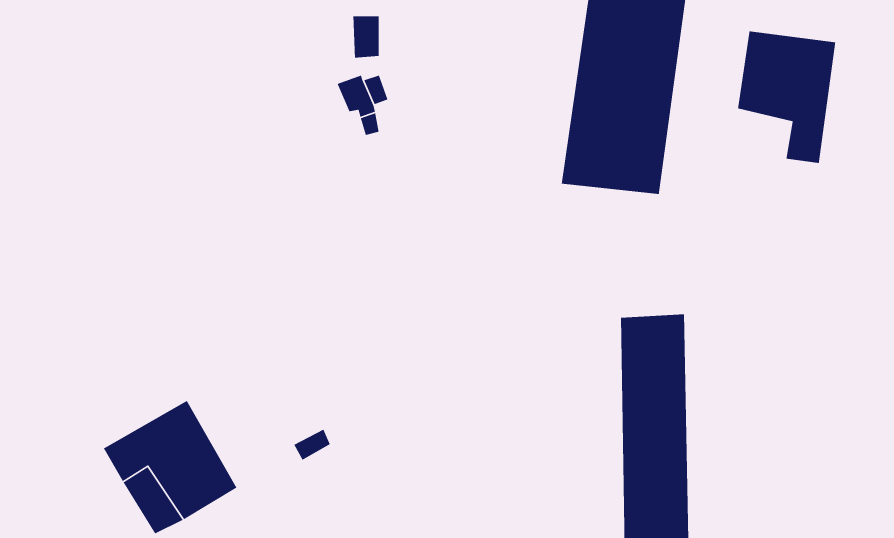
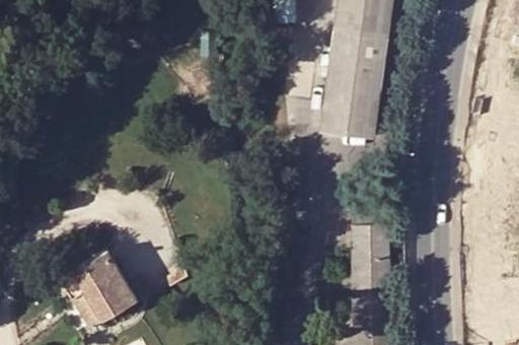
building: [737,30,836,164] -> none

